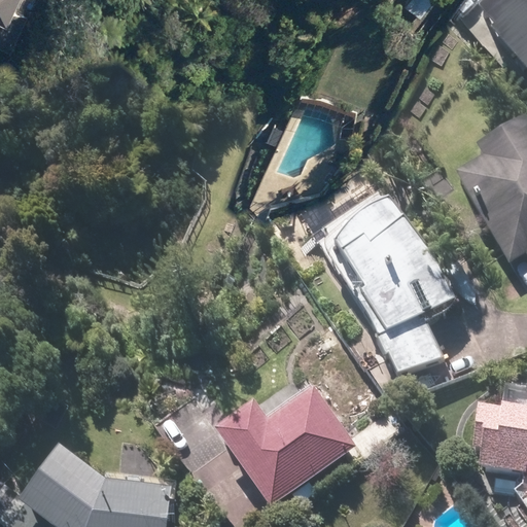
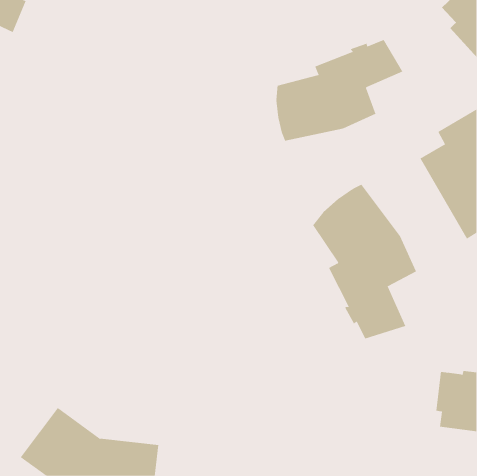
building: none -> [276,39,403,142]
building: [216,386,355,505] -> none

